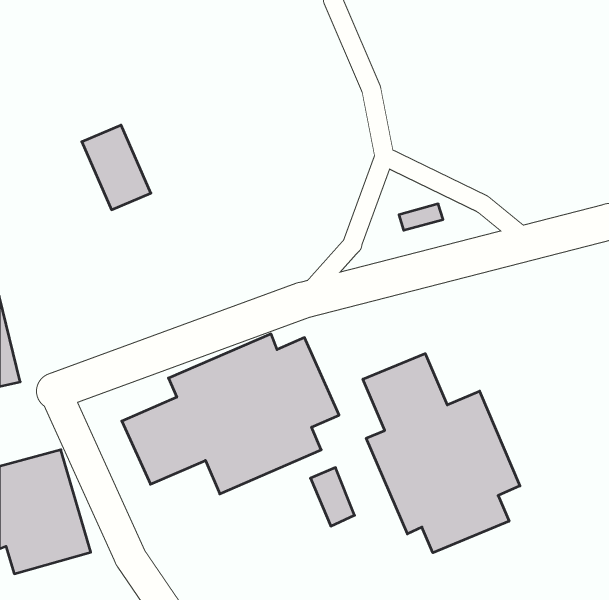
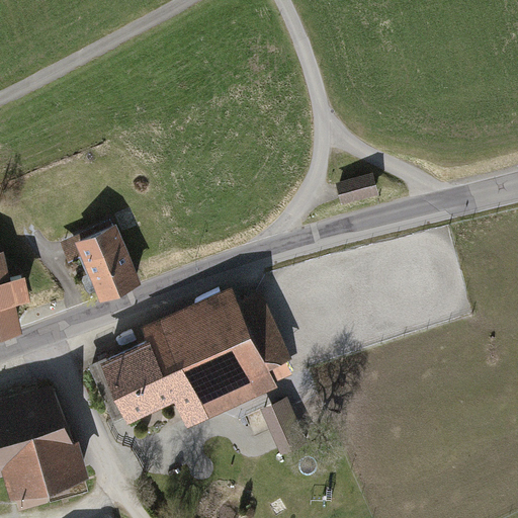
building: [82,125,151,210] -> [79,229,138,300]
building: [363,354,520,553] -> none

